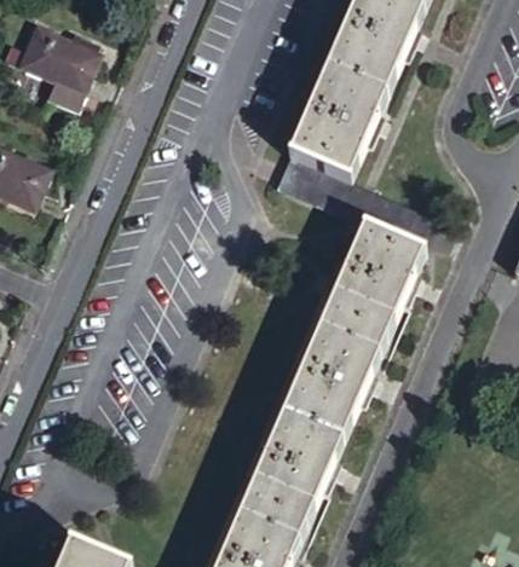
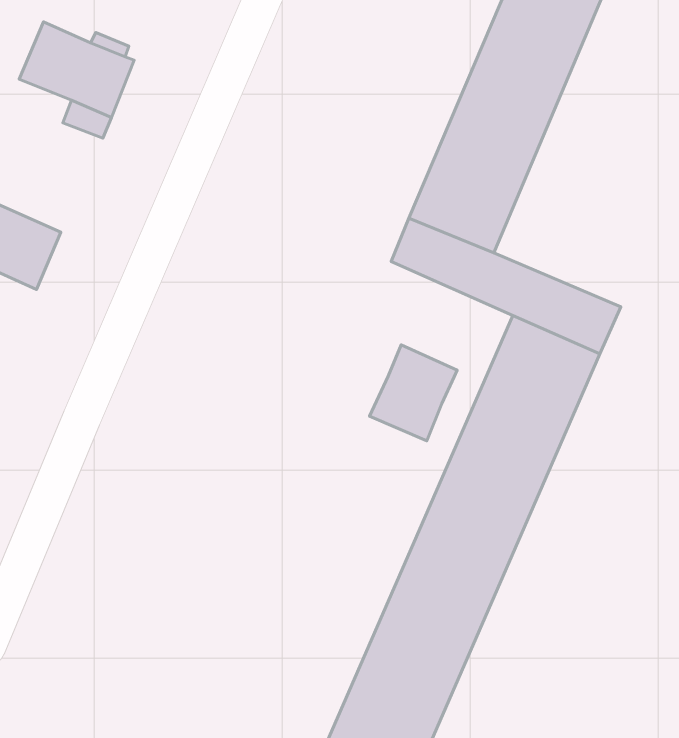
building: none -> [370,345,457,441]

